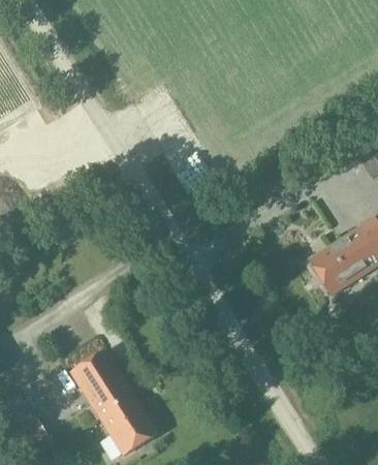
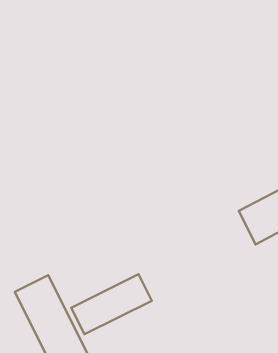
building: none -> [71,274,152,334]

